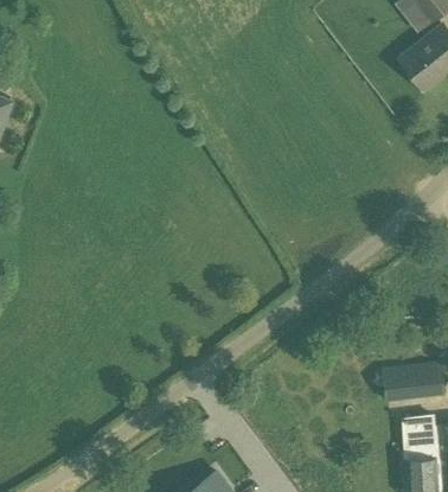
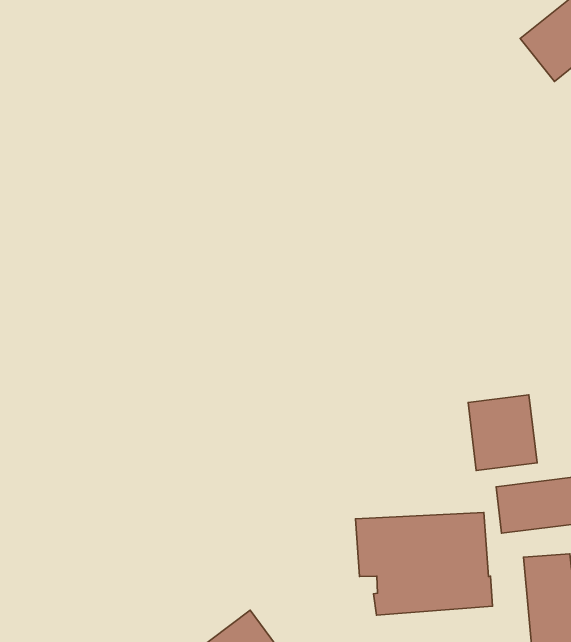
building: none -> [468,395,537,470]
building: none -> [355,512,493,615]

